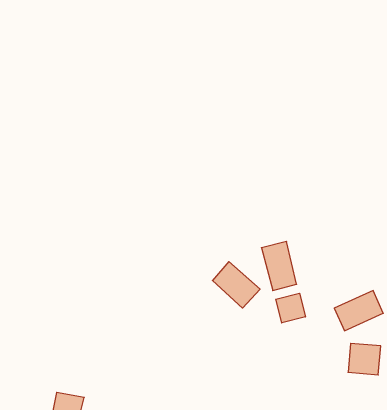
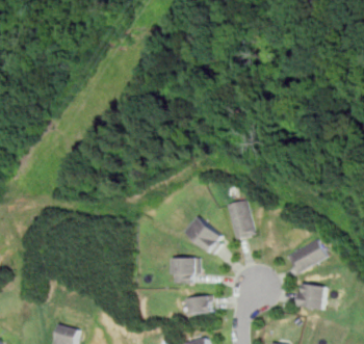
building: [276,293,305,323] -> none
building: none -> [173,258,200,284]
building: none -> [188,295,212,315]

